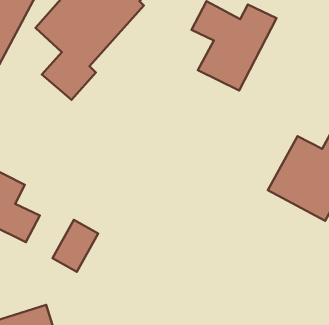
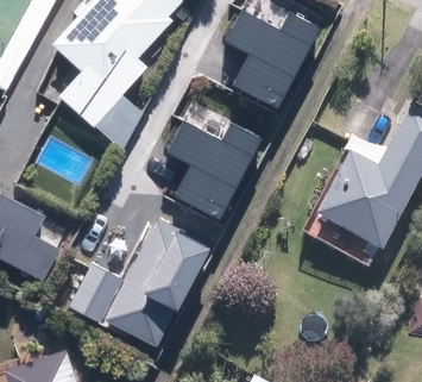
building: none -> [171,120,265,220]
building: none -> [107,209,210,337]

